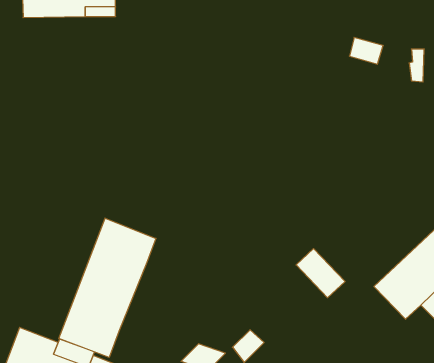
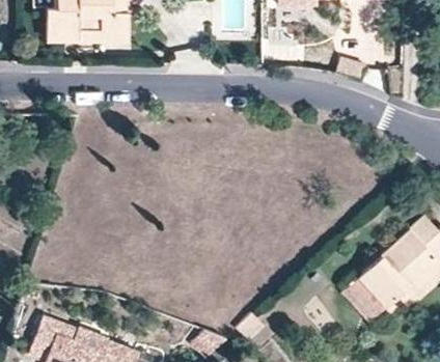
building: [59,218,156,357] -> none
building: [296,249,345,298] -> [342,279,386,323]

